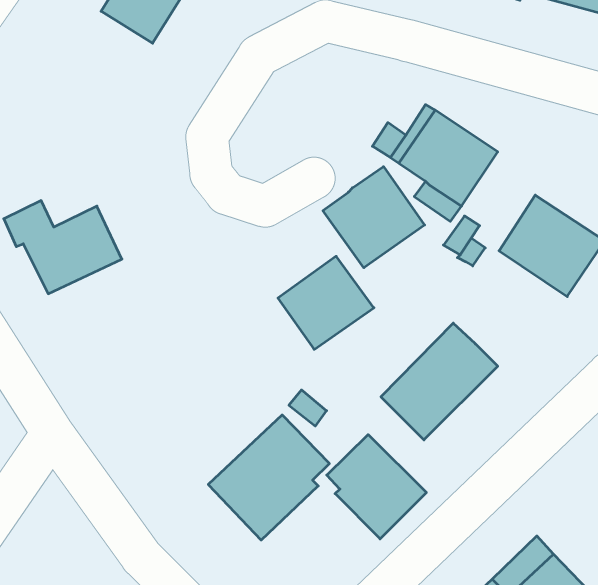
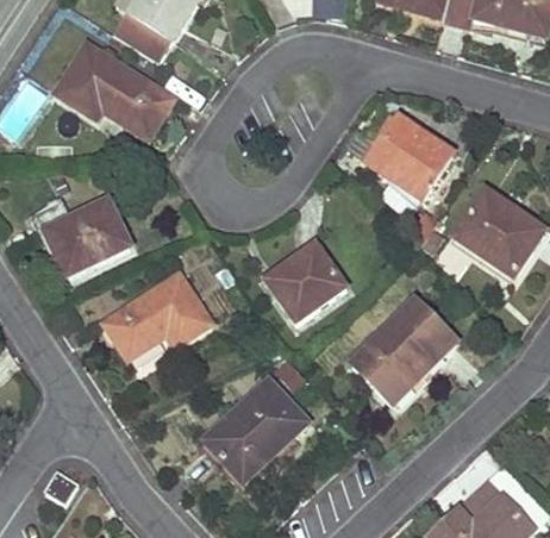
building: none -> [56,43,173,136]
building: [323,167,425,268] -> none
building: none -> [107,275,213,357]
building: [327,435,426,539] -> none

